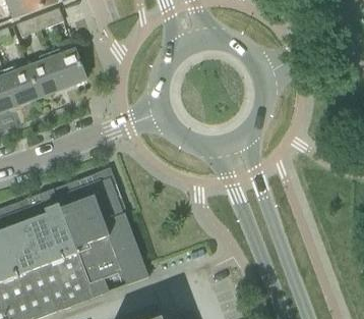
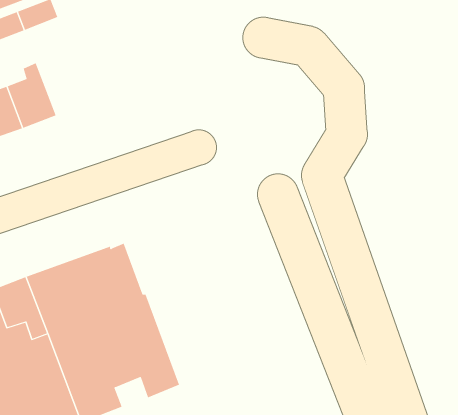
building: [48,49,85,89] -> none

